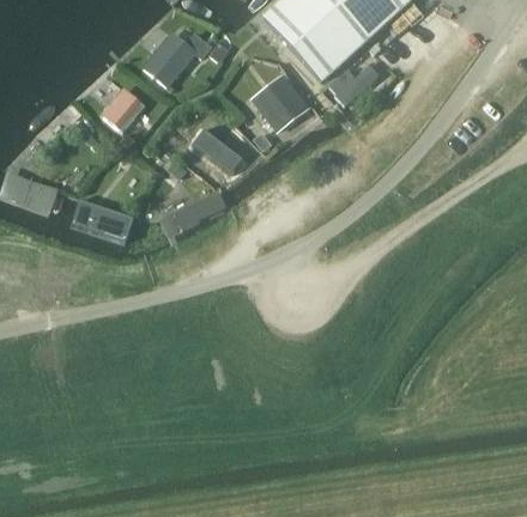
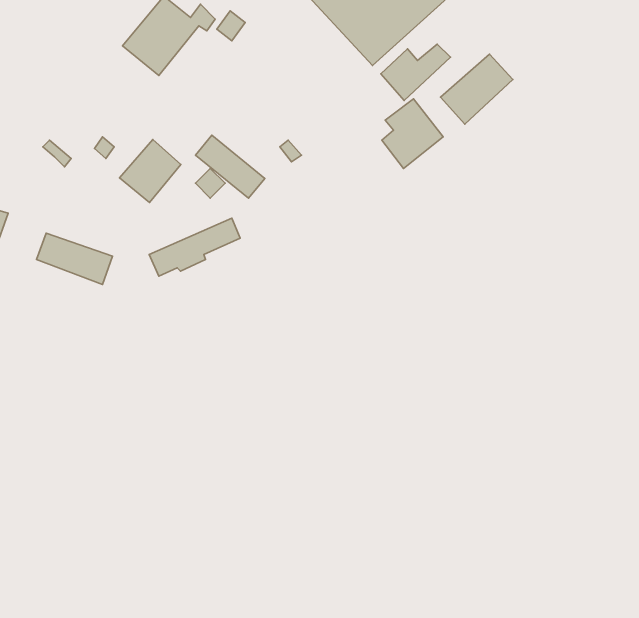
building: none -> [440,54,513,124]
building: [262,80,307,130] -> [382,99,443,168]
building: [99,86,144,132] -> [120,140,181,203]

